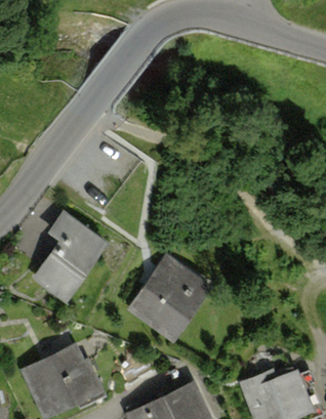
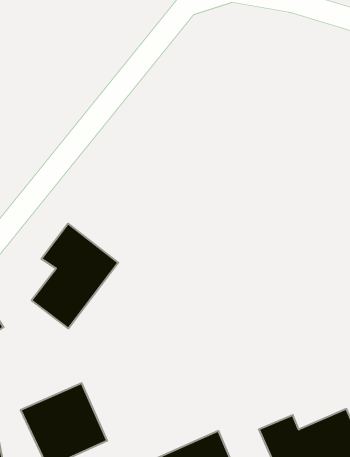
building: [131,259,207,337] -> none

